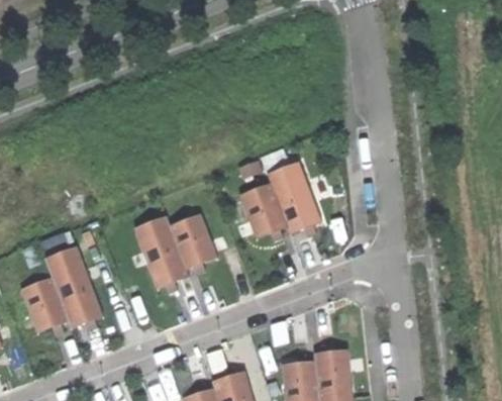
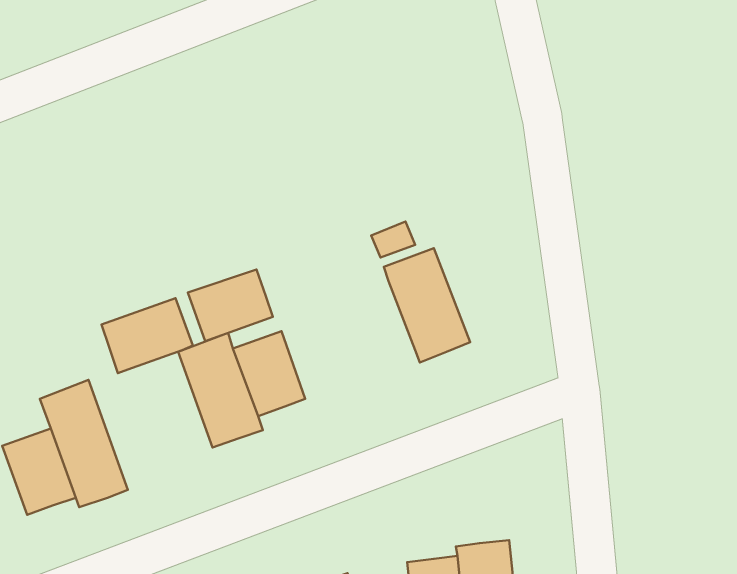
building: none -> [188,269,273,341]
building: [240,183,287,238] -> none
building: none -> [102,298,193,373]

